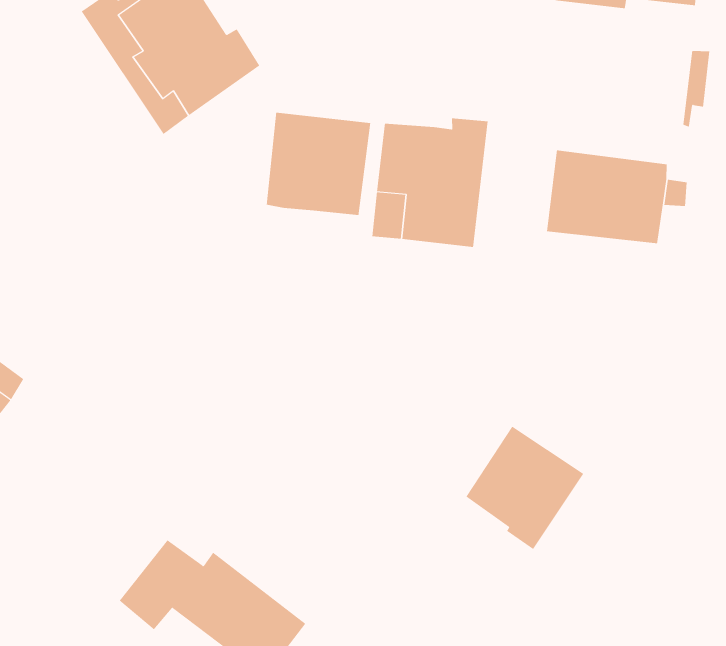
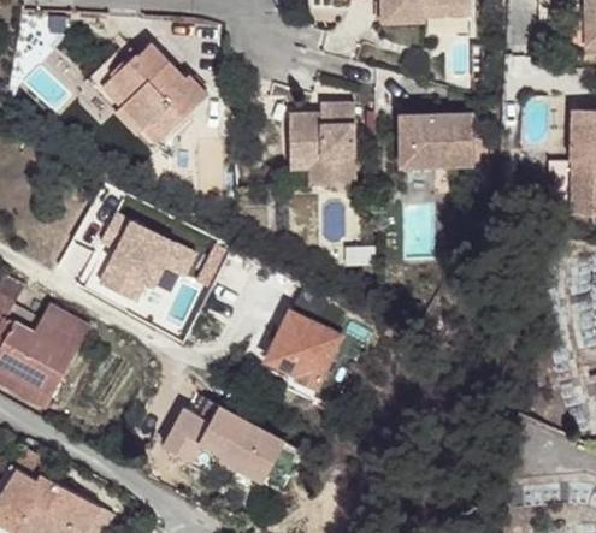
building: [266,112,371,216] -> none
building: none -> [99,215,196,304]
building: [466,426,584,550] -> [265,306,338,383]

